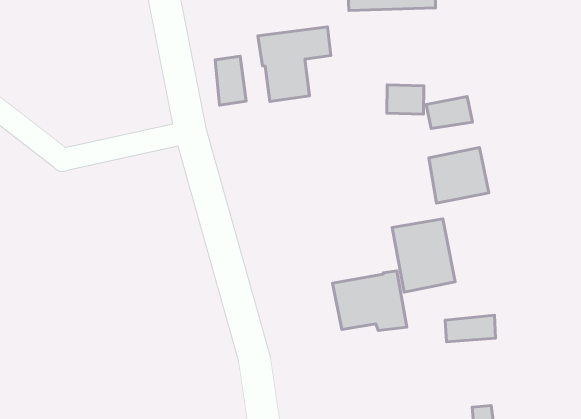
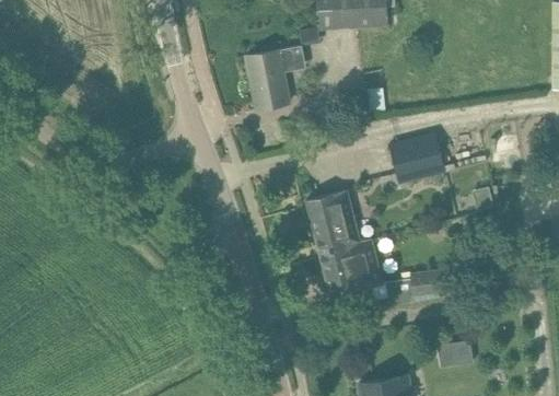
building: [215,56,246,105] -> none
building: [426,97,473,129] -> none
building: [392,219,455,292] -> [305,191,359,253]

